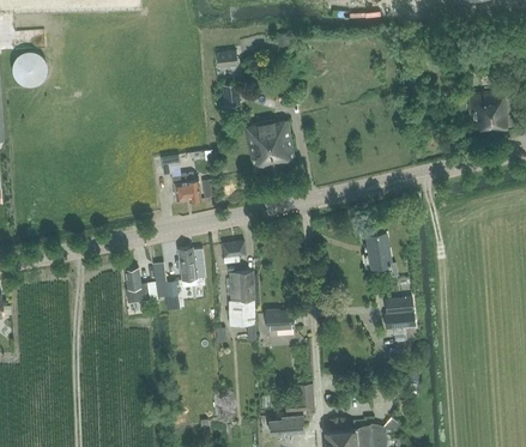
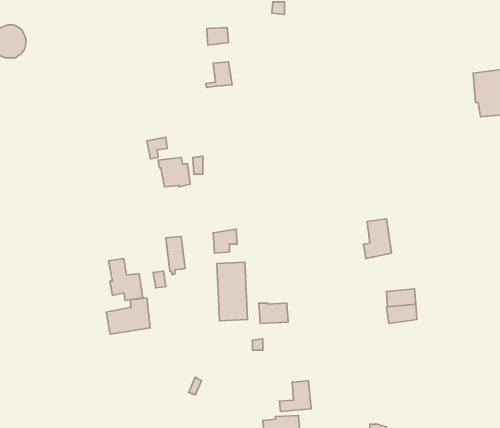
building: [246,120,296,171] -> none
building: none -> [106,298,150,334]

